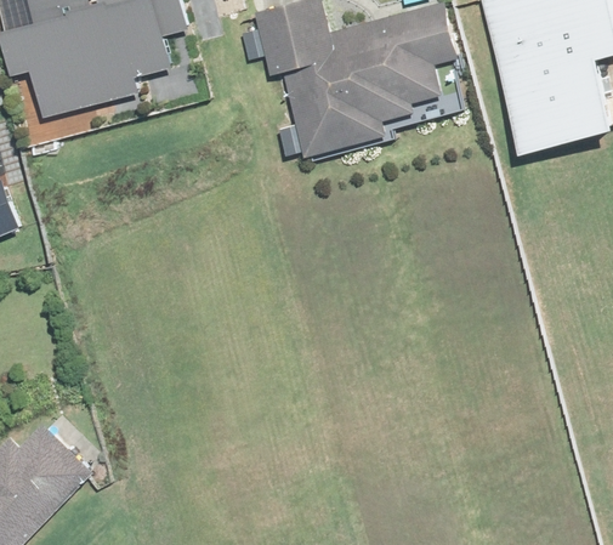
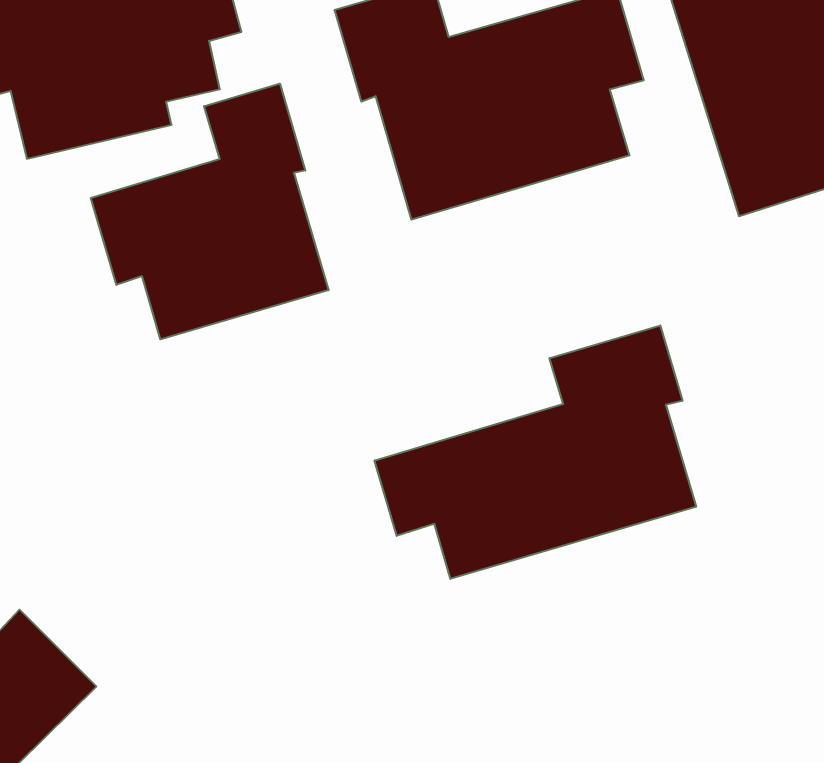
building: none -> [91,84,329,339]
building: none -> [375,325,696,579]

